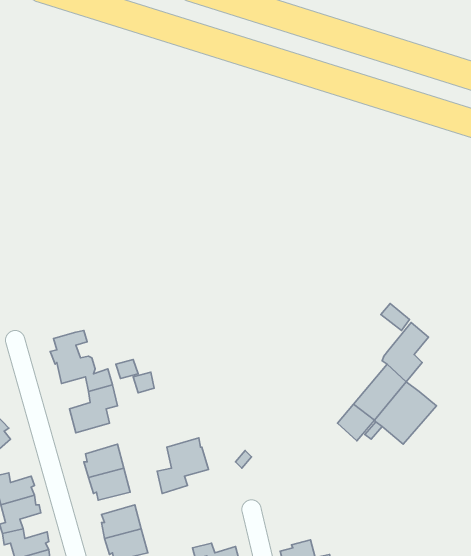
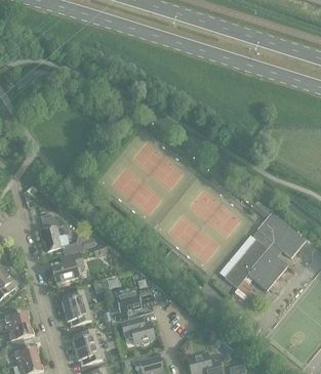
building: none -> [267,220,304,256]
building: none -> [119,317,153,342]

